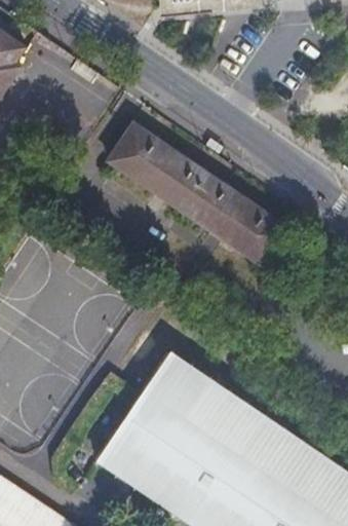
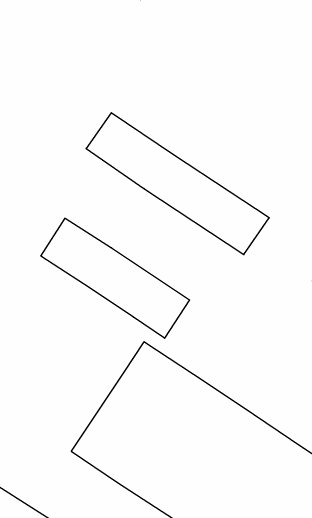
building: none -> [41,218,190,338]

